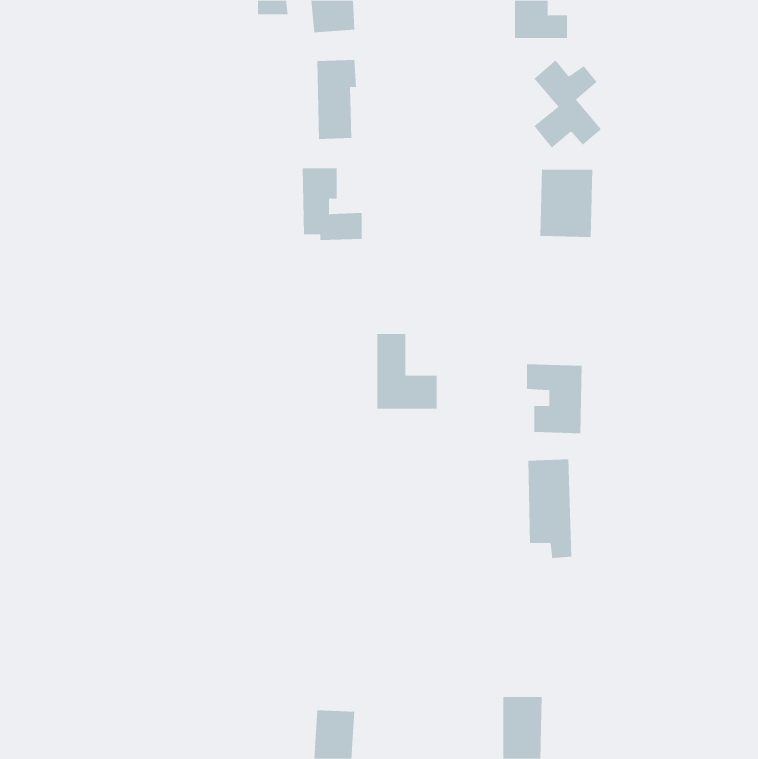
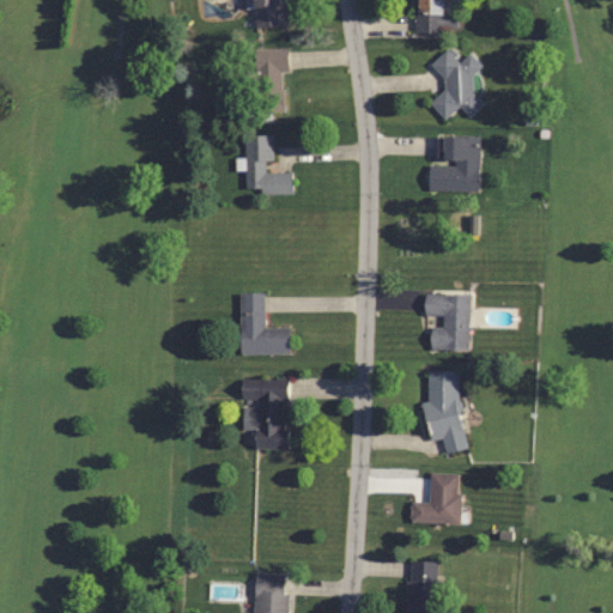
building: [377,333,438,409] -> [241,293,290,354]
building: none -> [242,389,287,448]
building: none -> [412,473,461,523]

